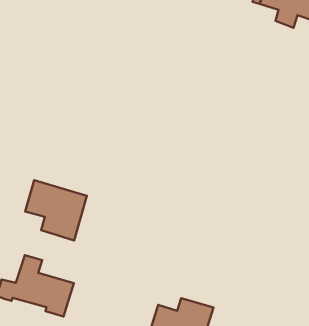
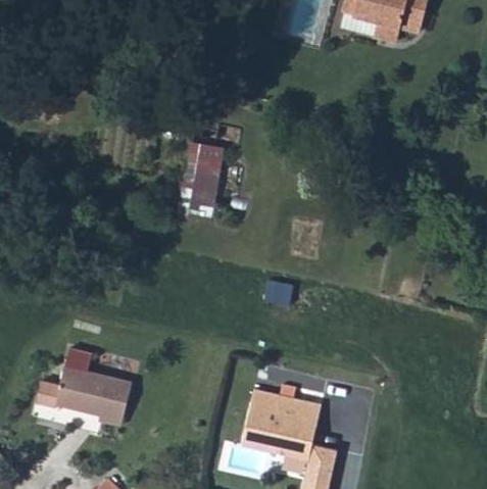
building: none -> [180,143,222,219]
building: [25,180,87,240] -> none

